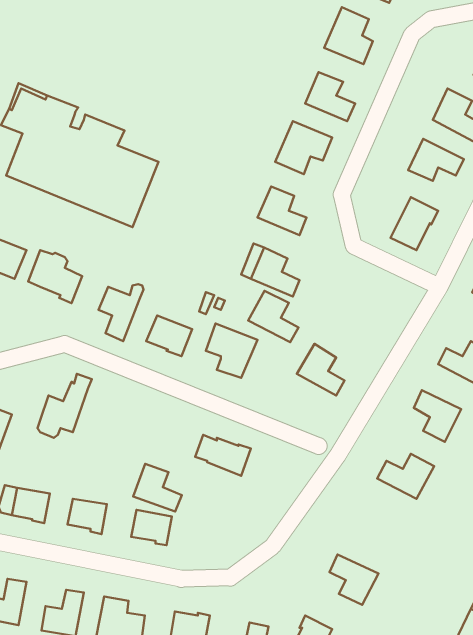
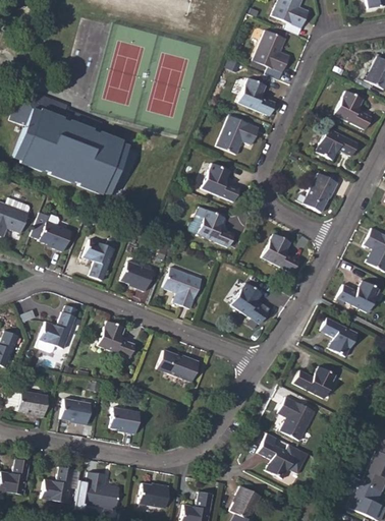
building: [248,291,298,342] -> [261,233,298,272]
building: [133,464,182,512] -> [98,322,134,357]
building: none -> [277,397,313,440]

